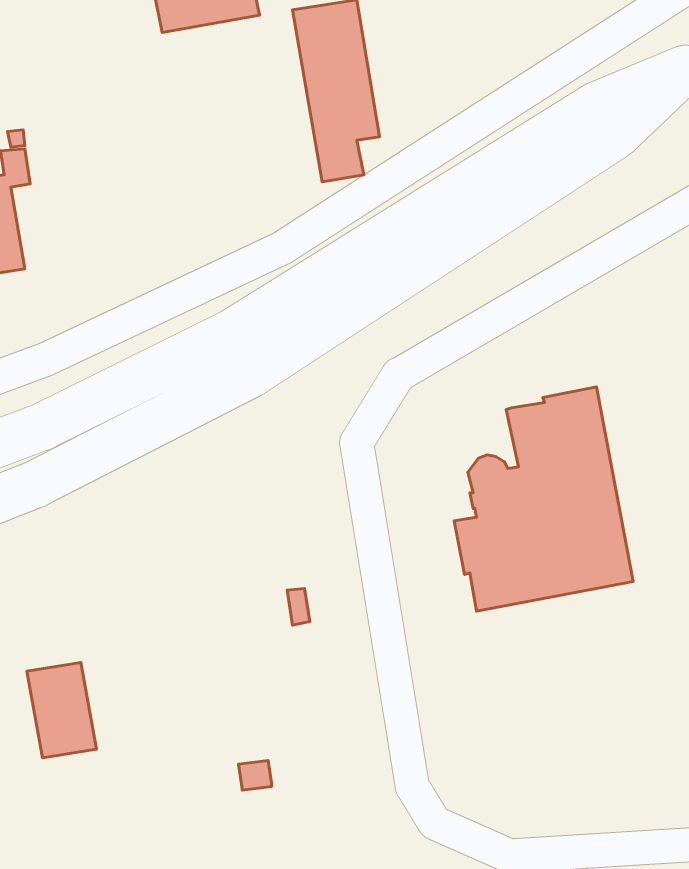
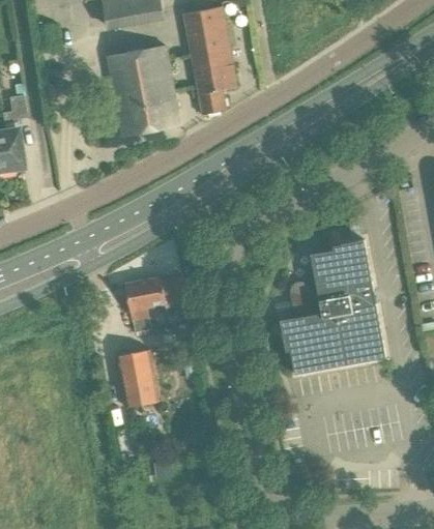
building: none -> [108,48,179,137]
building: none -> [126,277,186,332]
building: [27,662,96,758] -> [117,351,158,408]

